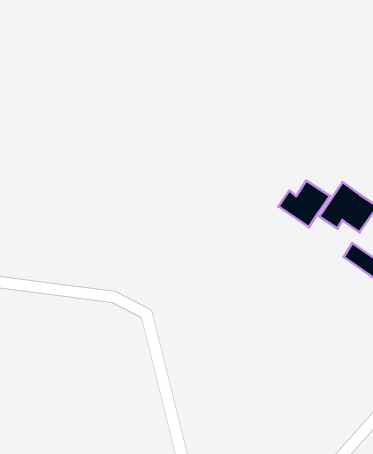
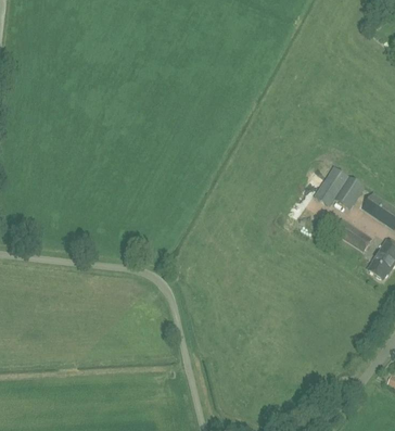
building: [278,181,330,227] -> none

